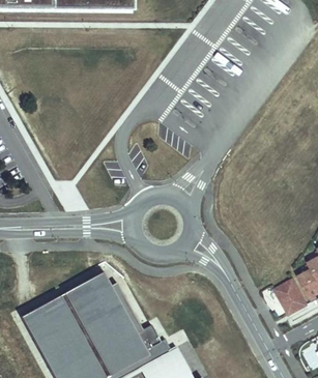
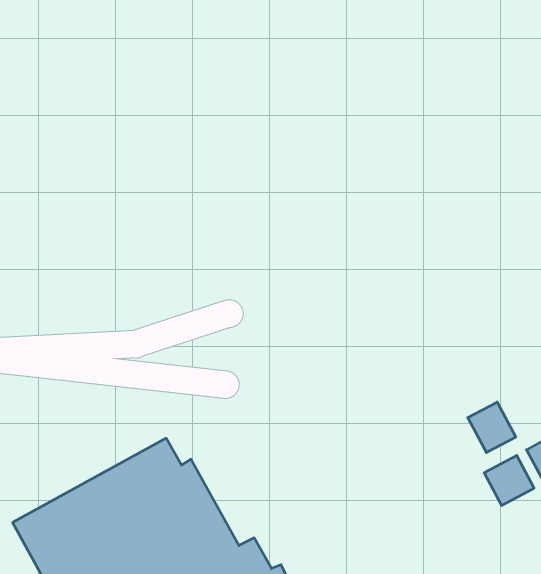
building: none -> [468,402,516,453]

